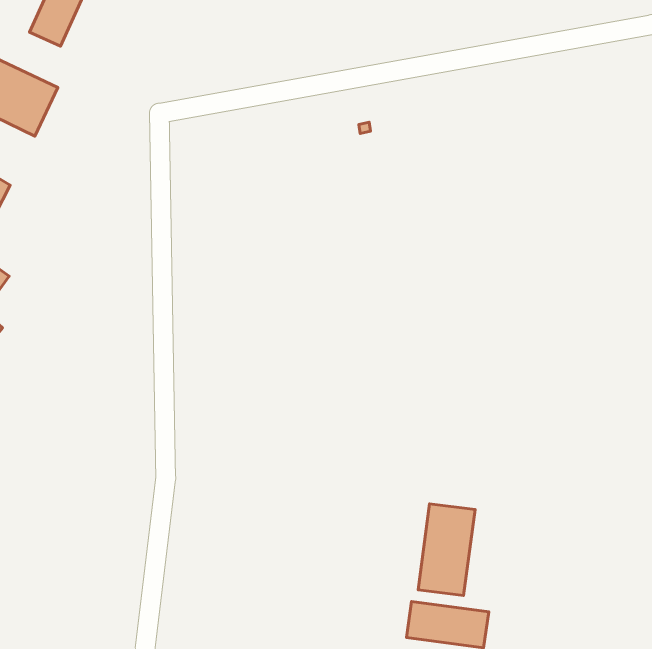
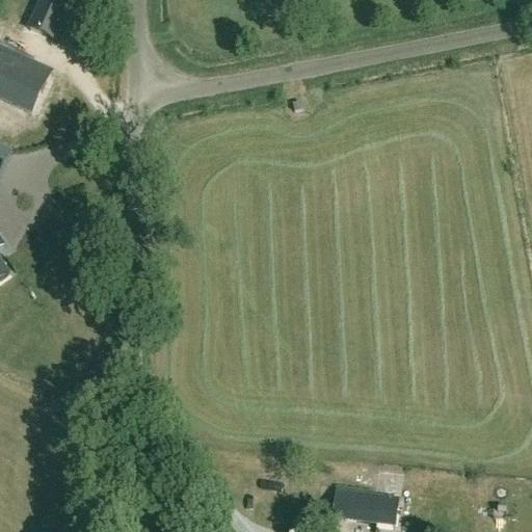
building: [418,504,475,596] -> none

